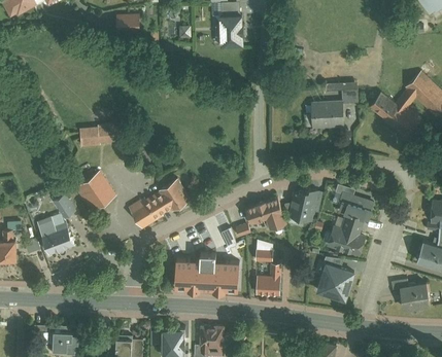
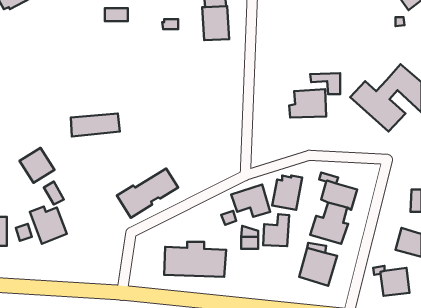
building: [78,175,114,211] -> [20,148,55,183]
building: [256,264,282,297] -> [263,214,289,246]

